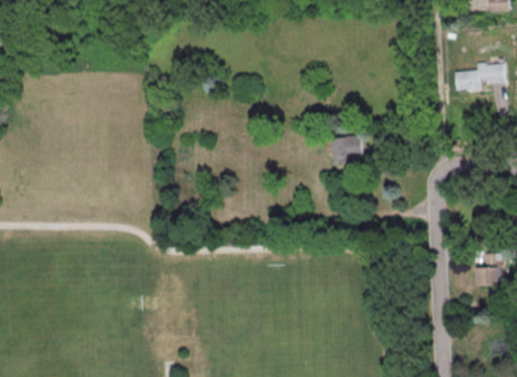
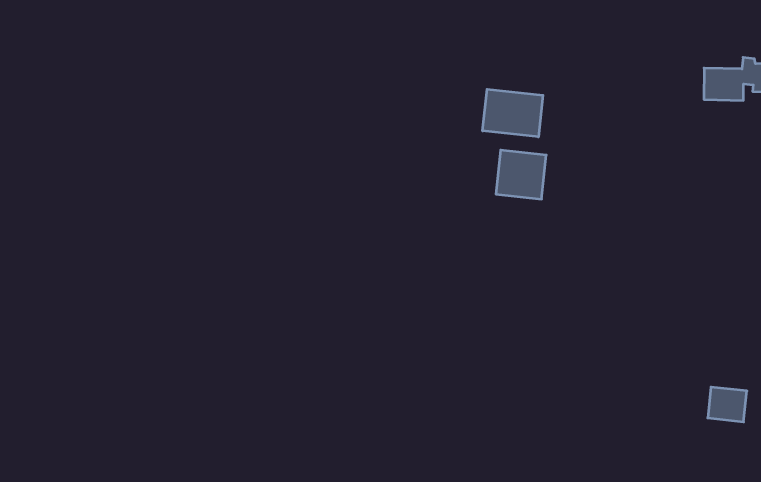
building: none -> [483,89,543,137]

